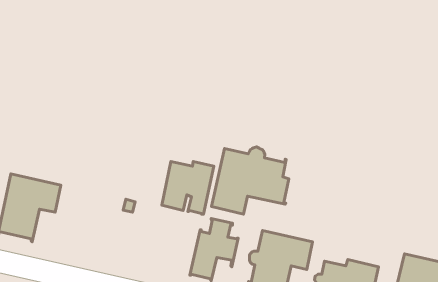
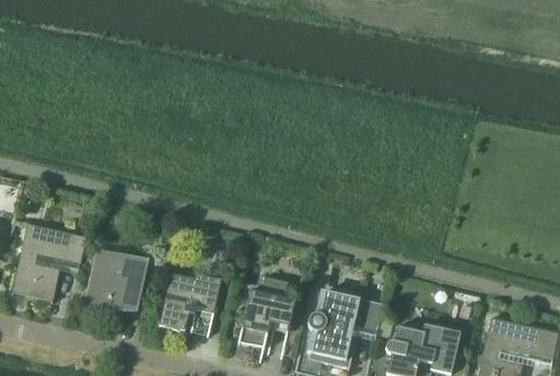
building: [212,147,289,214] -> none
building: [162,161,214,214] -> [159,273,220,336]
building: none -> [83,250,145,310]

